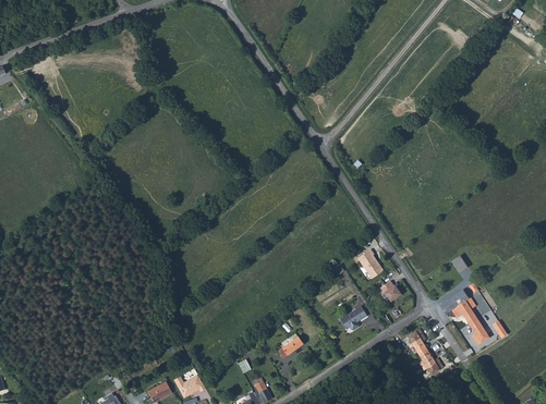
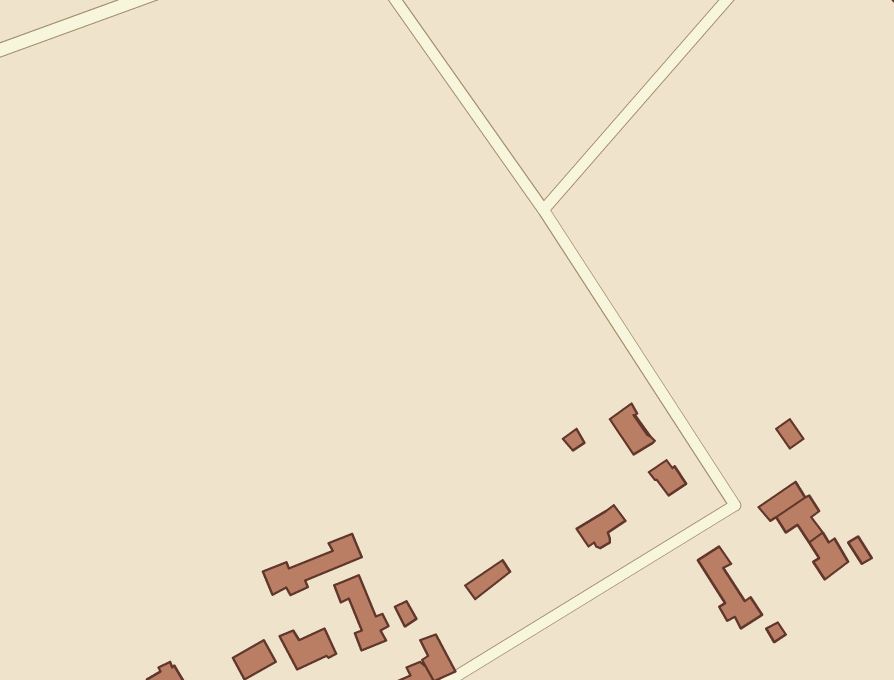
building: none -> [263,534,362,595]
building: none -> [334,575,389,651]

